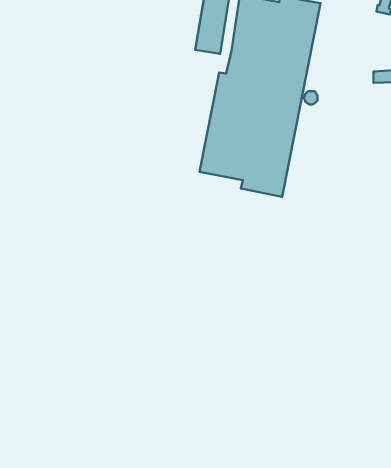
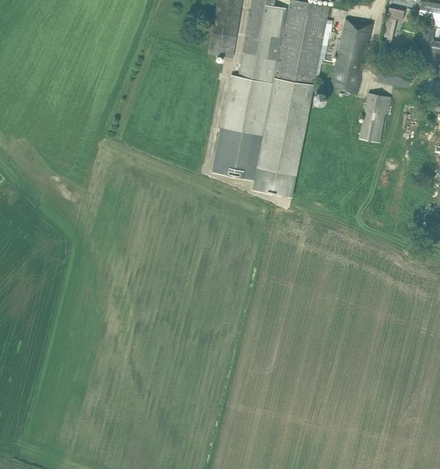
building: none -> [329,17,373,93]
building: none -> [360,92,391,142]

